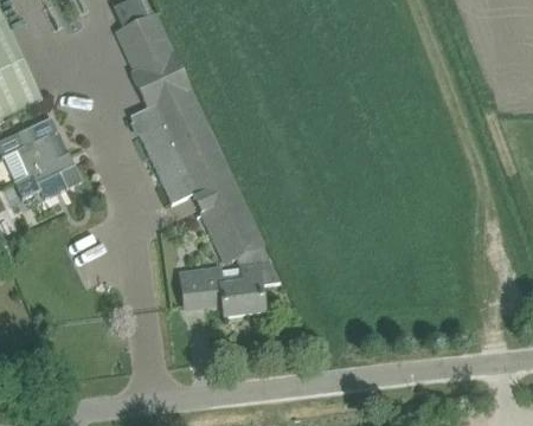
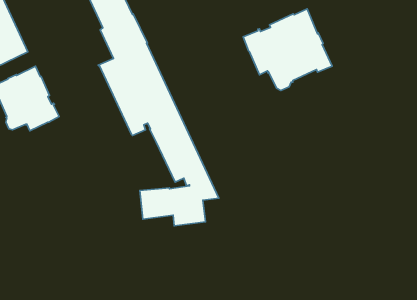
building: none -> [243,9,332,91]

